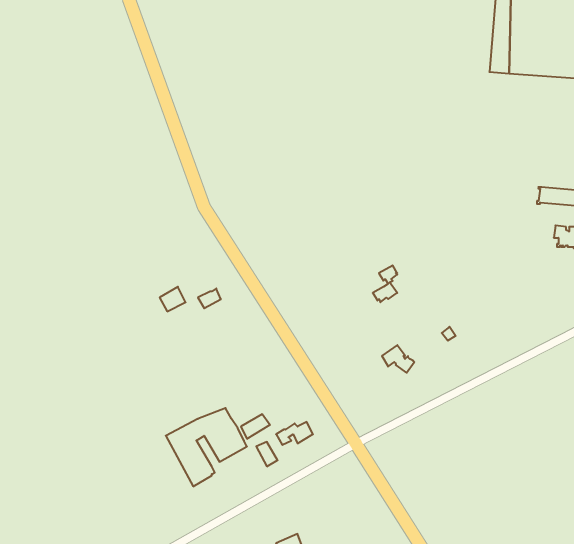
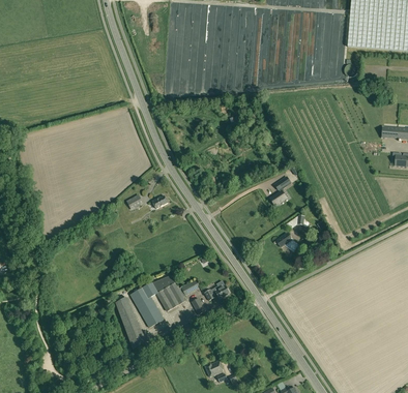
building: none -> [116,298,146,350]

